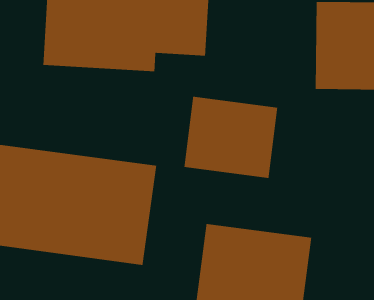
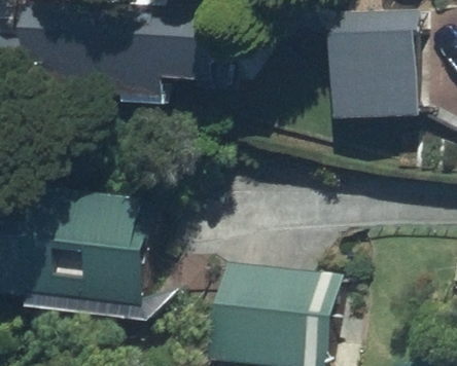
building: [183,96,278,179] -> none

